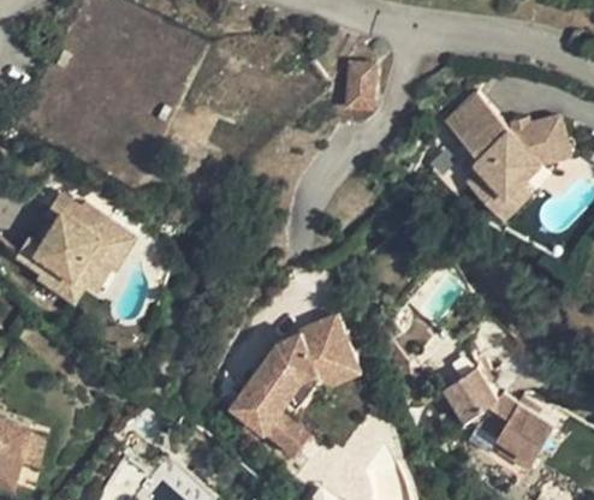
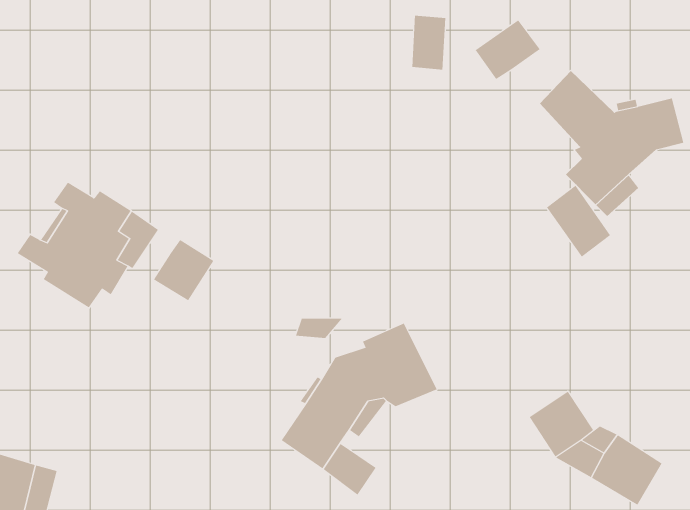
building: none -> [475,19,540,80]
building: none -> [546,185,611,258]
building: none -> [153,239,214,301]

